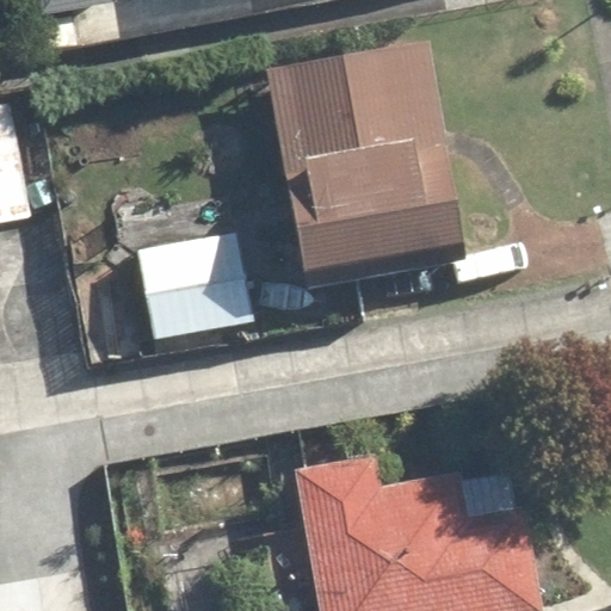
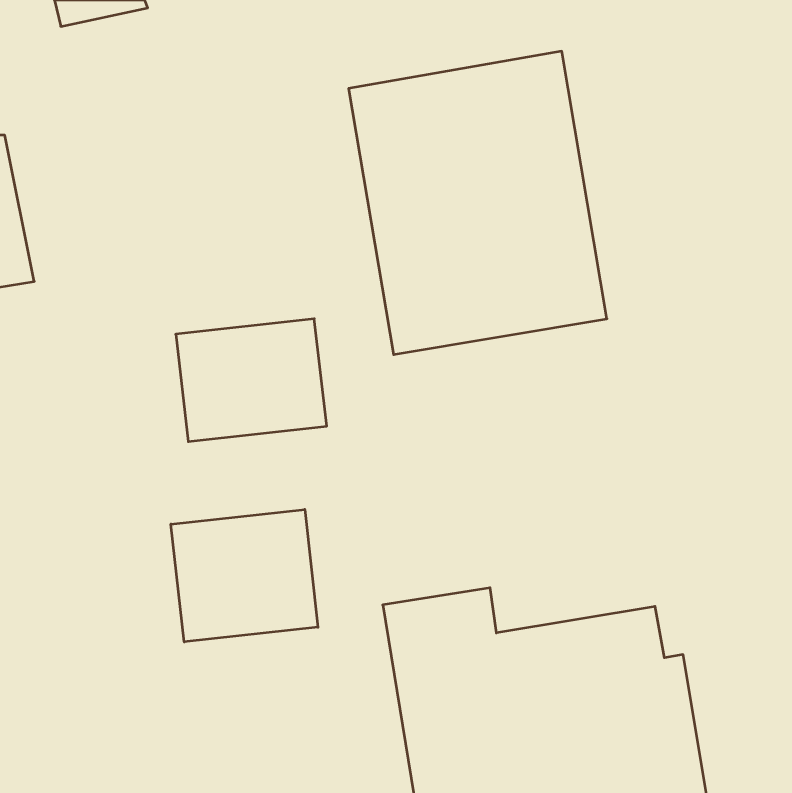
building: none -> [171,509,318,642]

